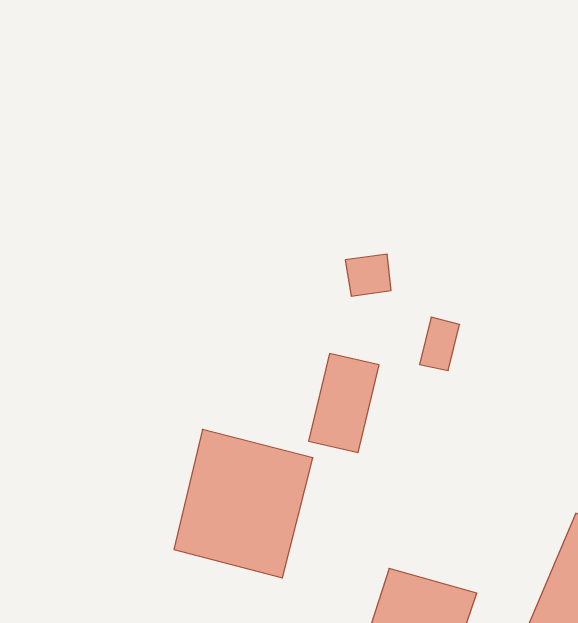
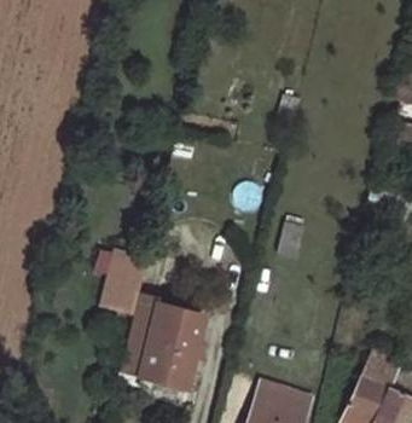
building: [309,354,379,453] -> [100,250,145,313]

